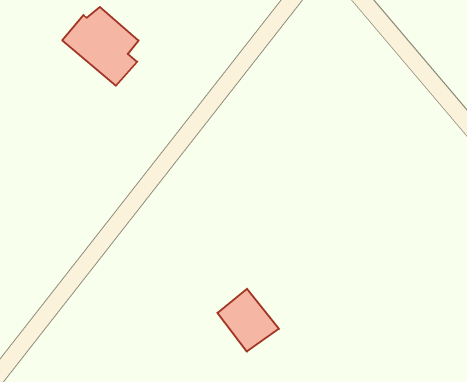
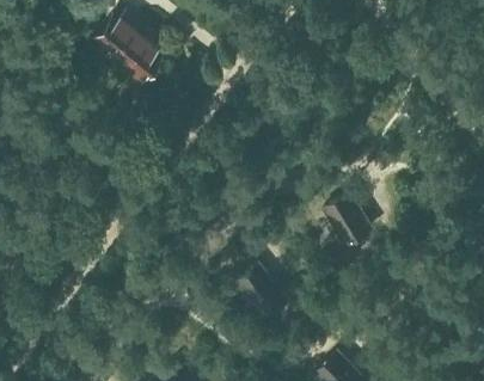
building: none -> [323,196,376,252]

